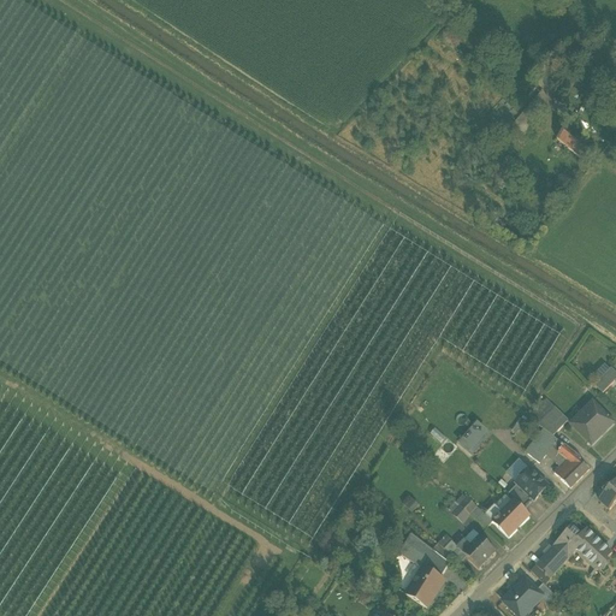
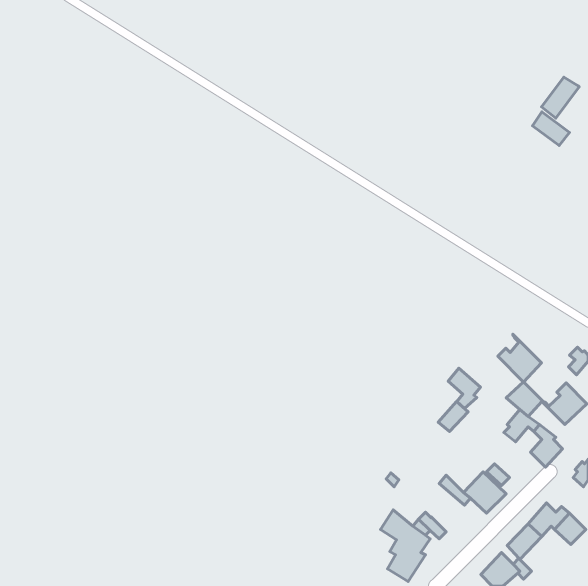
building: none -> [542,77,579,118]
building: none -> [498,334,541,382]
building: none -> [448,368,480,408]
building: [514,467,547,499] -> none
building: [456,528,494,567] -> none

